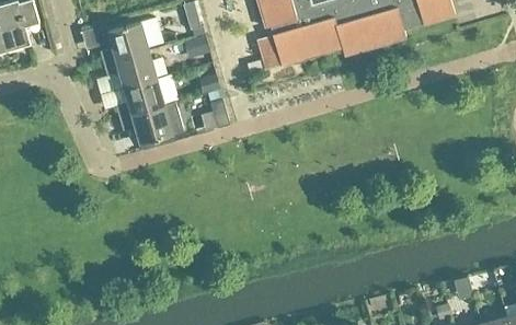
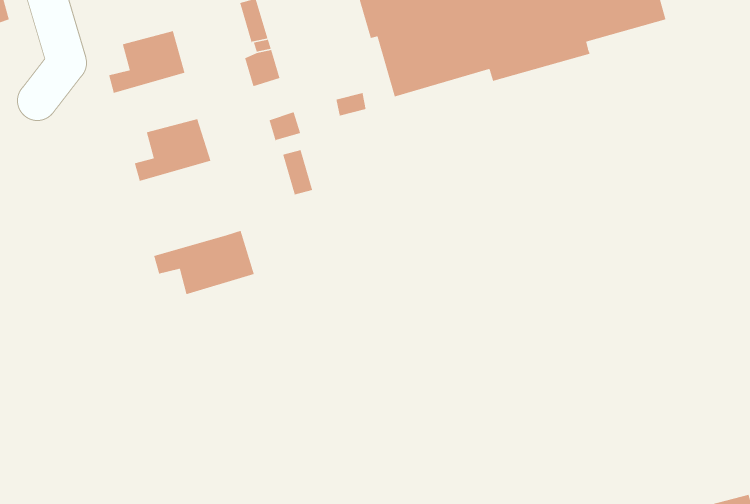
building: [102,49,156,86] -> none
building: [118,102,183,143] -> [153,230,255,295]

